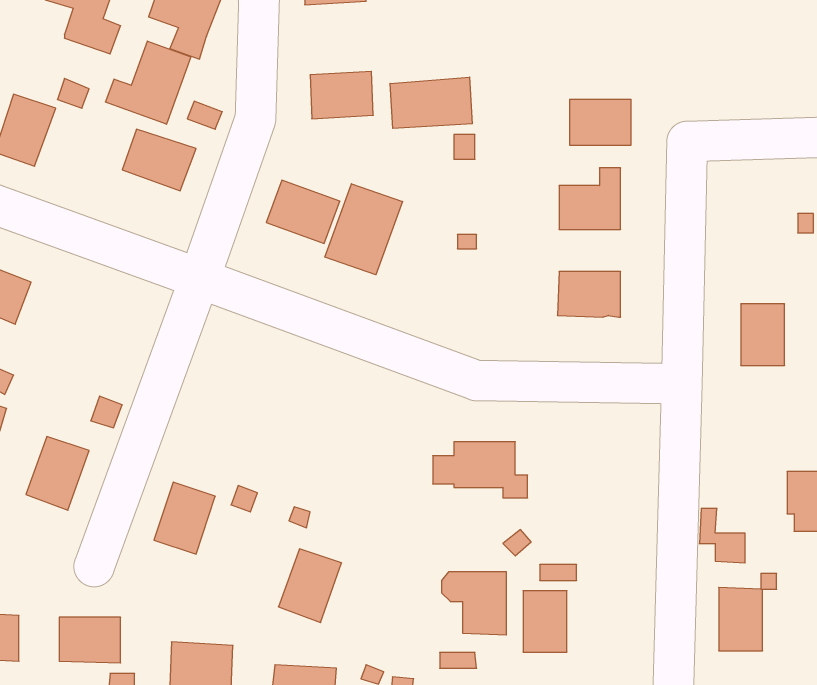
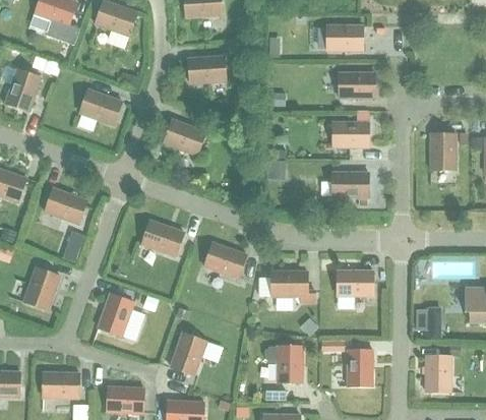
building: none -> [326,24,362,50]
building: [106,41,191,124] -> none
building: [390,77,472,128] -> none
building: [325,184,403,275] -> none
building: none -> [44,186,86,223]
building: [741,304,785,365] -> [430,133,455,169]
building: none -> [141,219,184,255]
building: none -> [203,241,246,278]
building: none -> [337,269,372,295]
building: [523,591,567,652] -> [347,349,372,384]

